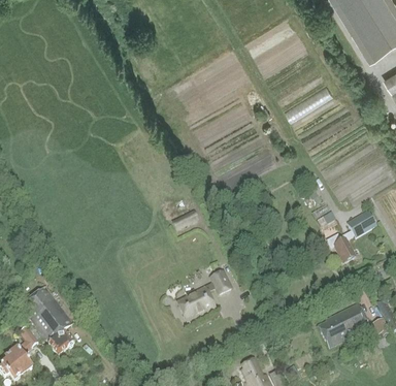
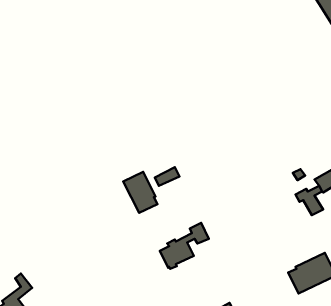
building: none -> [123,172,157,213]
building: [19,286,72,354] -> none

